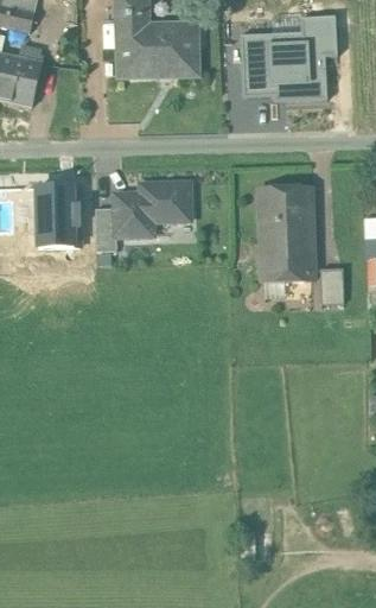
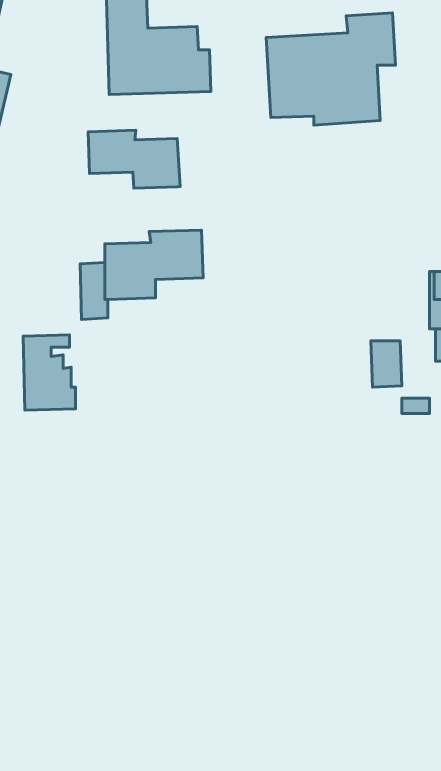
building: none -> [88,130,180,188]
building: [40,184,81,242] -> [23,335,76,410]
building: [260,186,312,280] -> none

